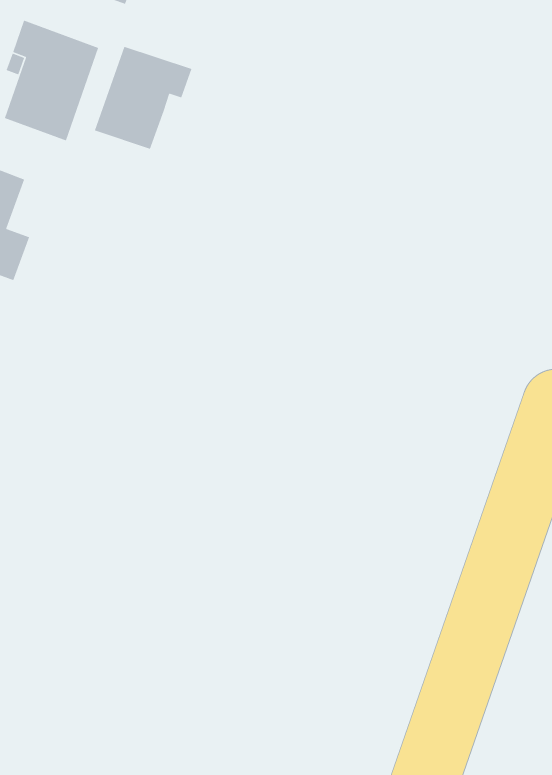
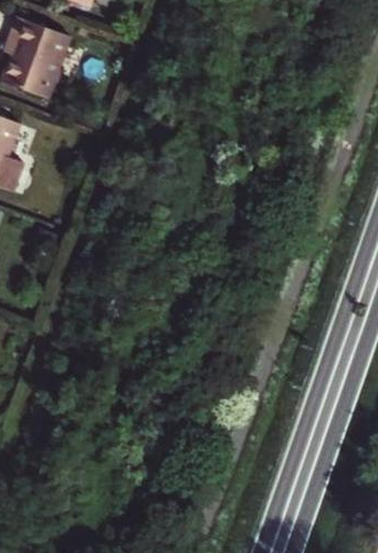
building: [94,46,192,150] -> none

